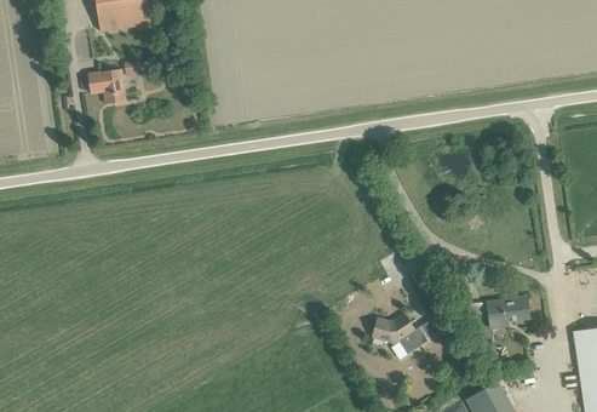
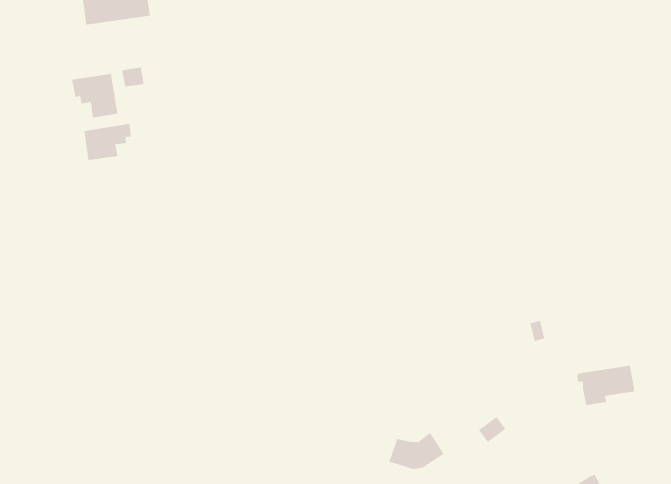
building: none -> [82,123,131,161]
building: [372,314,415,343] -> [389,432,444,469]

